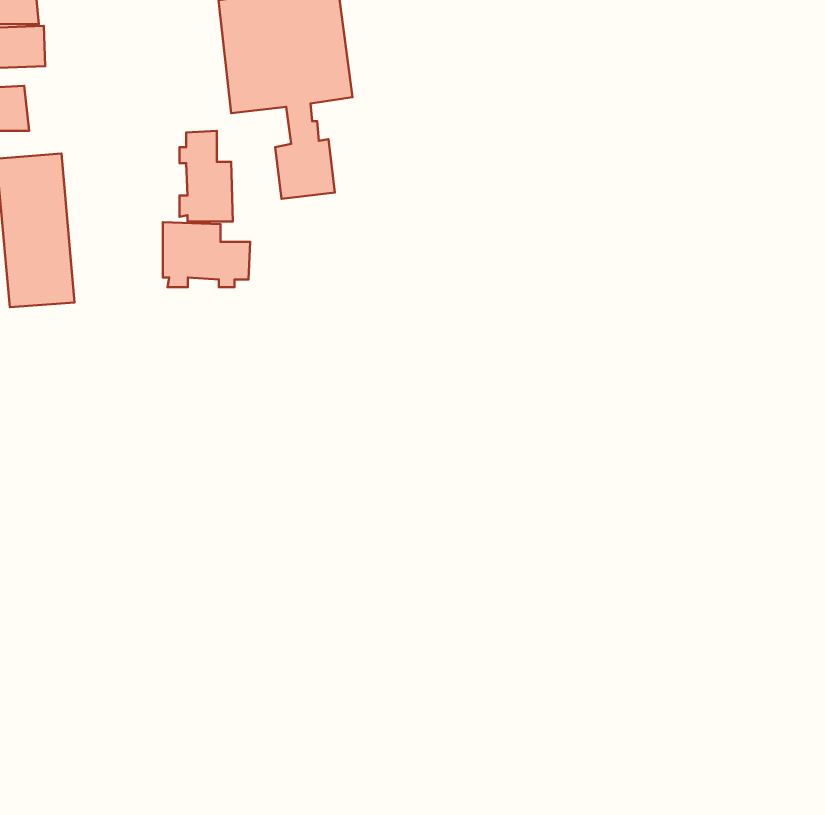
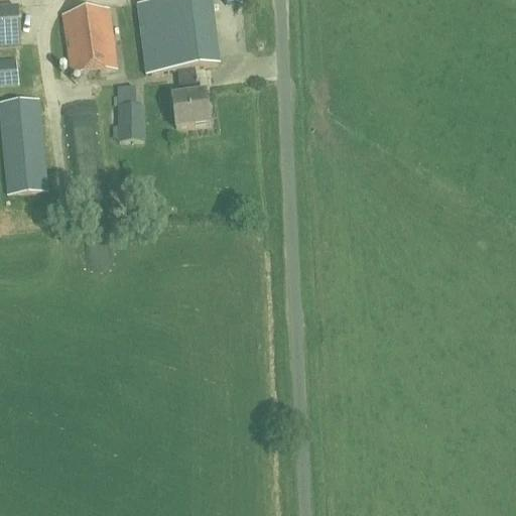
building: none -> [60,4,117,72]
building: [163,222,250,287] -> none

